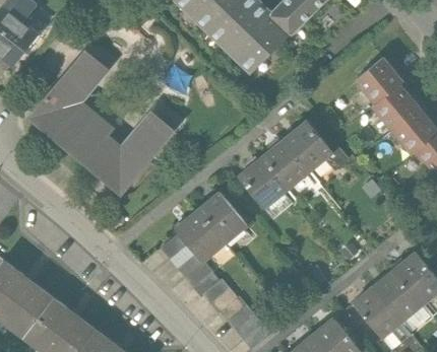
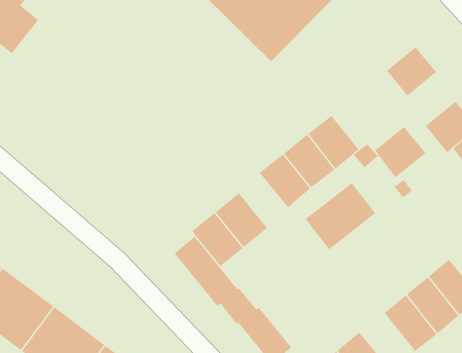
building: [26,50,174,197] -> none
building: [372,84,420,132] -> [374,126,426,178]
building: none -> [305,182,376,250]

